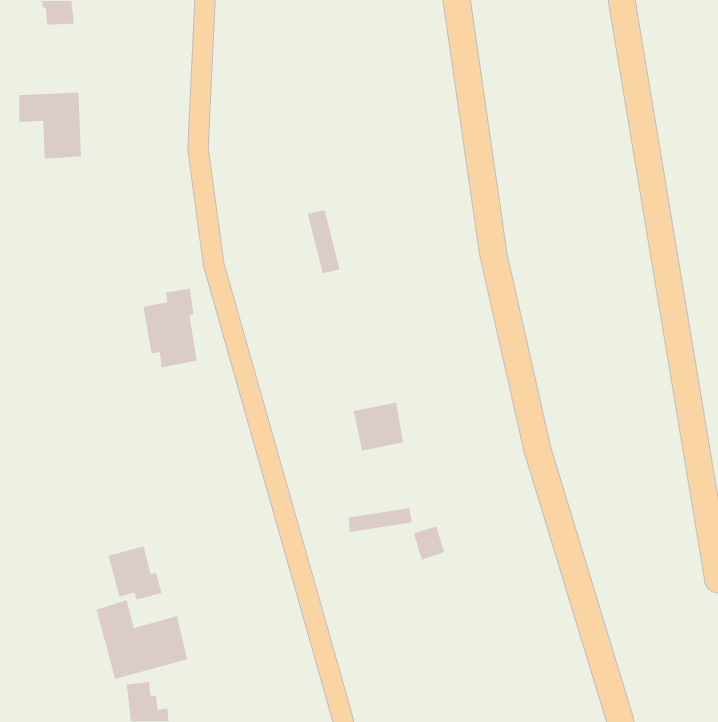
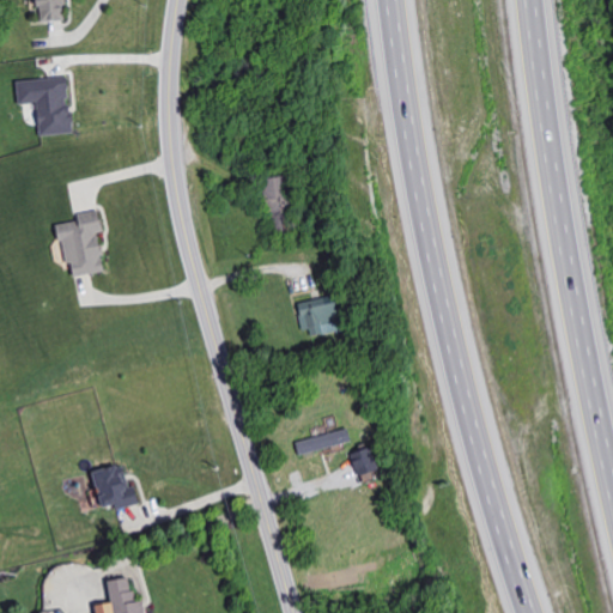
building: [142,288,197,368] -> [56,210,103,278]
building: [353,402,404,451] -> [297,296,340,338]
building: [96,599,188,680] -> none

